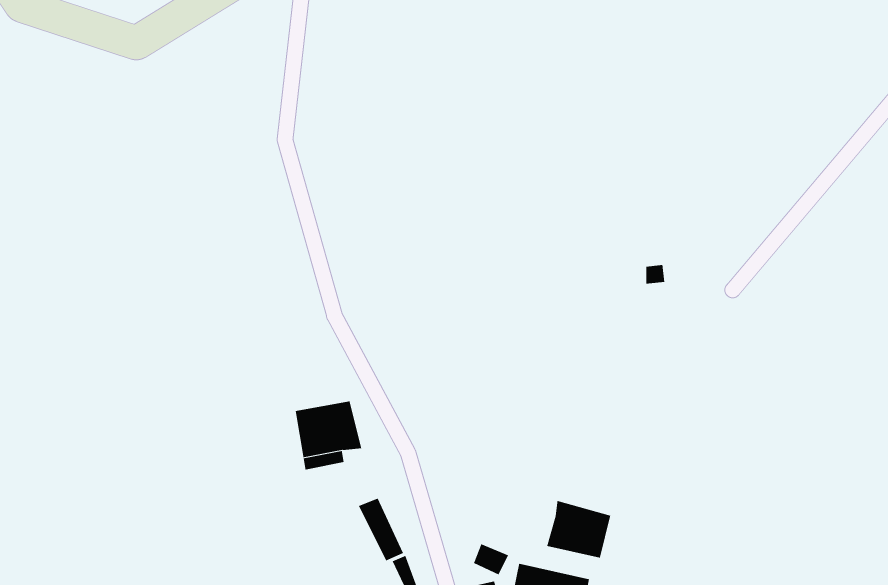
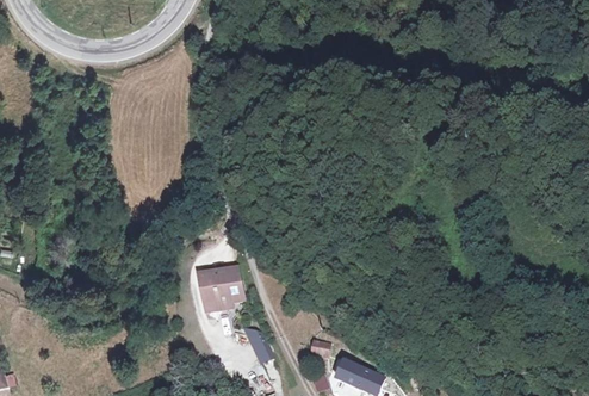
building: [547,500,611,559] -> none

